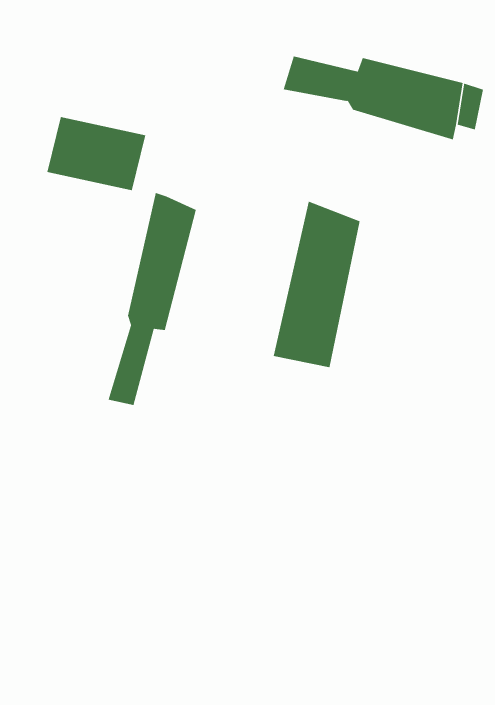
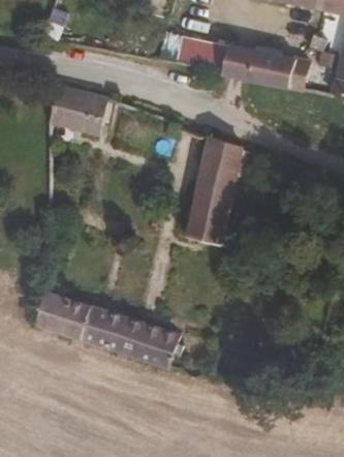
building: [108,192,196,406] -> none
building: none -> [37,293,178,367]

